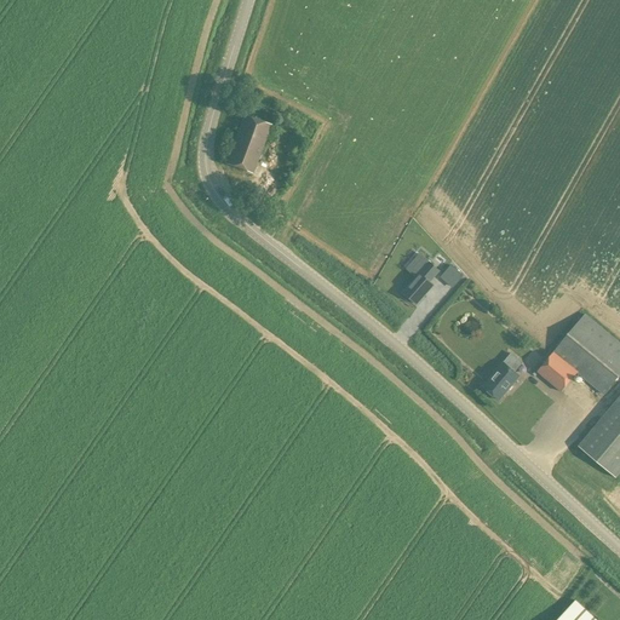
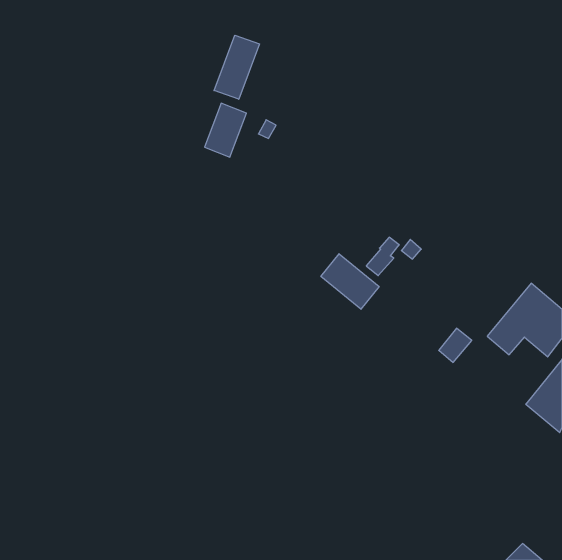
building: none -> [214,35,260,99]
building: none -> [321,254,379,309]

